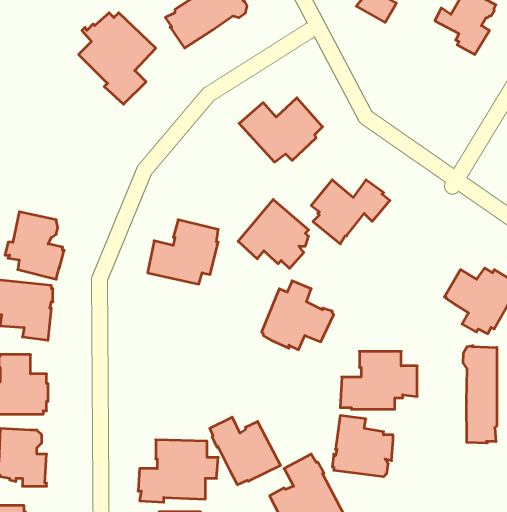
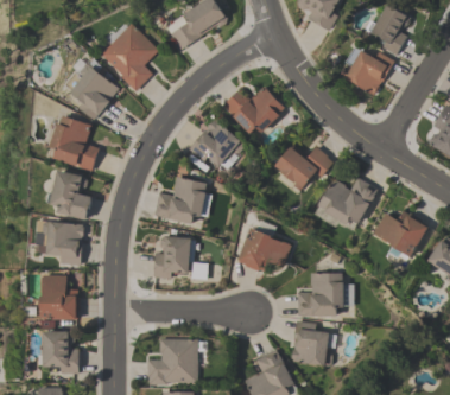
building: none -> [341,45,394,95]
building: none -> [64,57,119,119]
building: none -> [50,115,99,170]
building: [238,199,309,268] -> [188,117,240,168]
building: none -> [317,177,376,224]
building: none -> [152,235,191,278]
building: [463,346,497,443] -> none
building: [210,417,280,485] -> none

